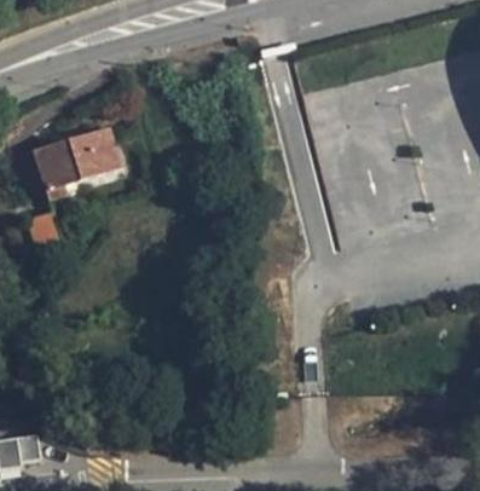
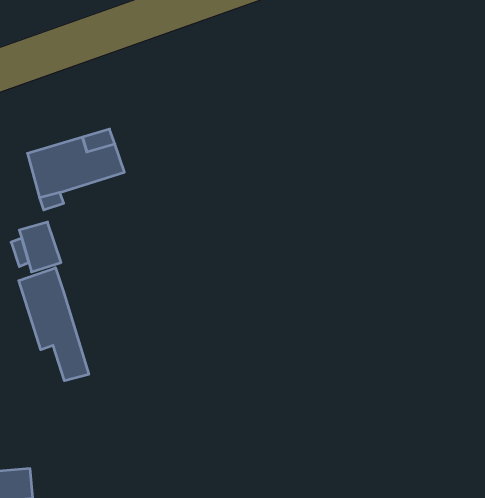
building: none -> [19,268,89,381]

